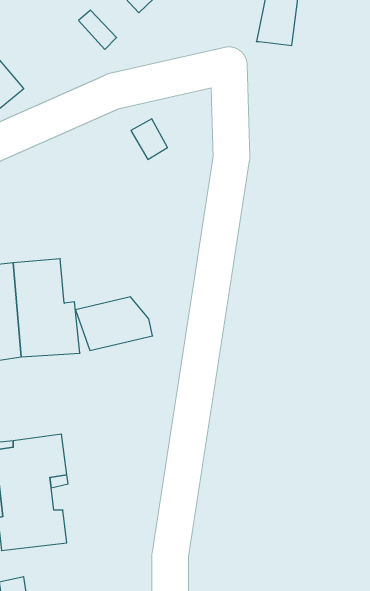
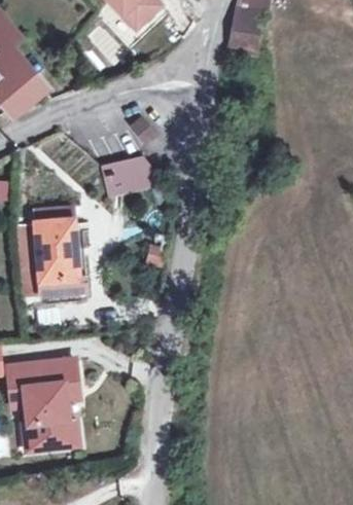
building: [75,297,153,350] -> [101,155,162,197]

